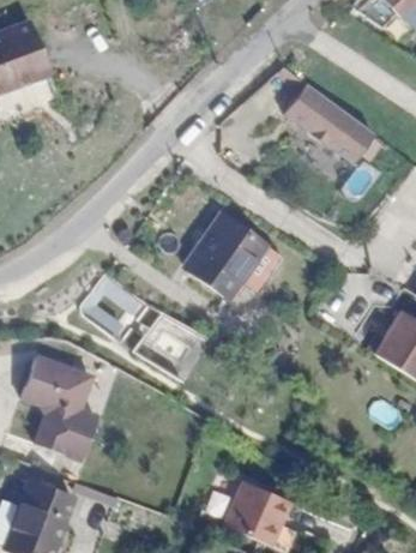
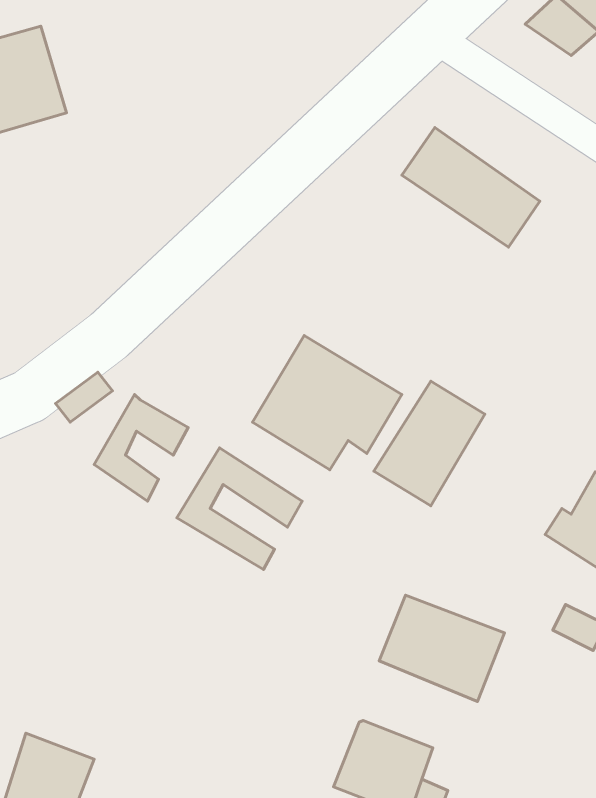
building: none -> [374,381,485,506]
building: [28,350,105,455] -> none
building: none -> [379,595,505,702]

